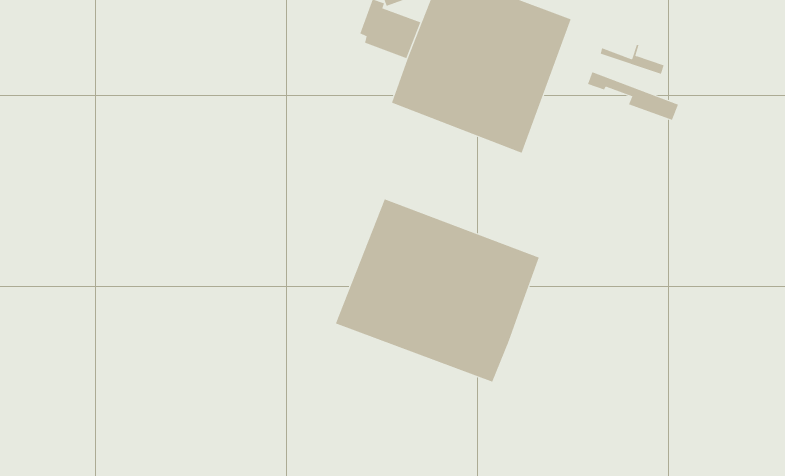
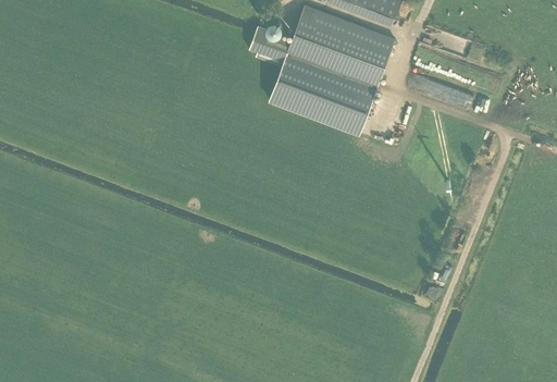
building: [335,199,539,383] -> none

